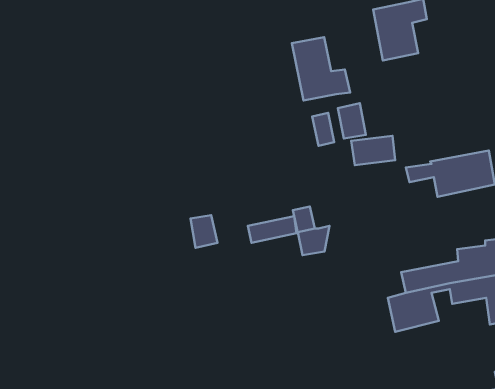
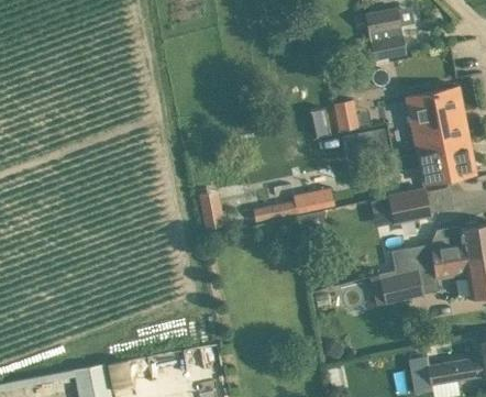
building: [292,37,350,100] -> none
building: none -> [406,87,470,152]
building: none -> [387,188,432,224]

